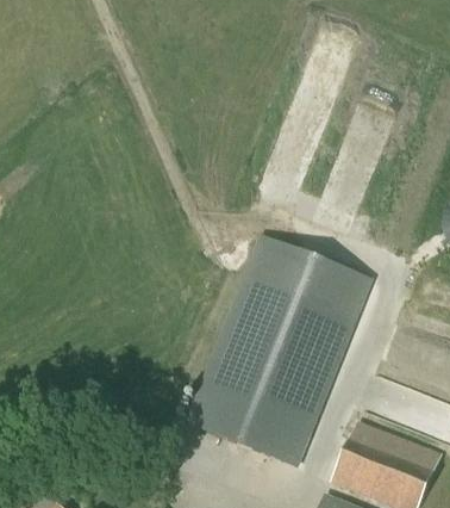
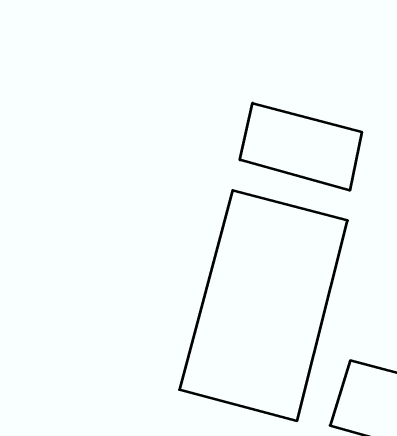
building: none -> [240,103,362,190]

